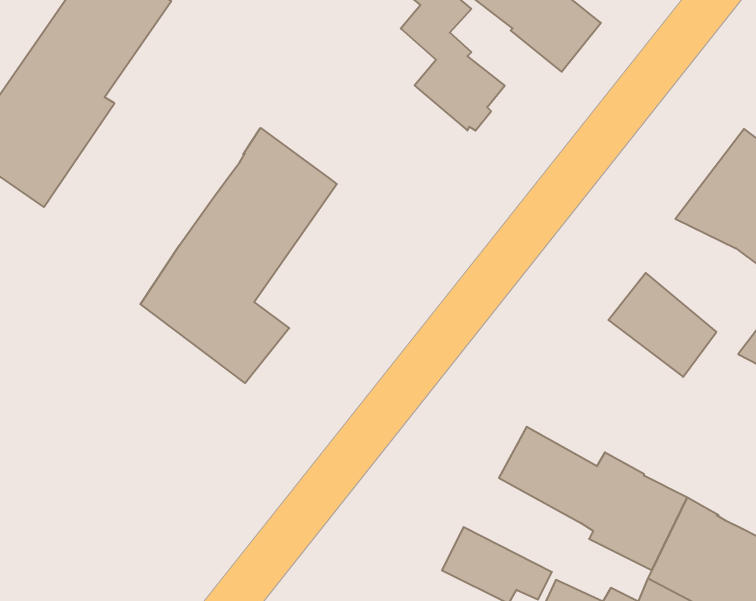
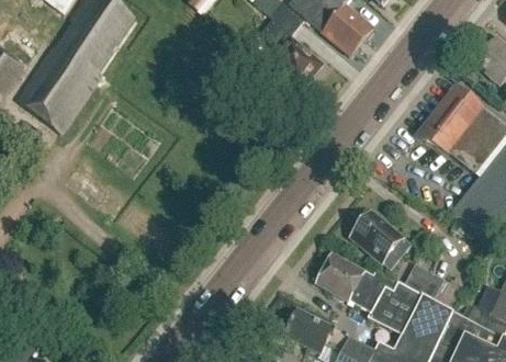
building: [140,128,337,383] -> none
building: [608,273,716,377] -> [350,210,411,268]
building: none -> [398,265,443,297]

